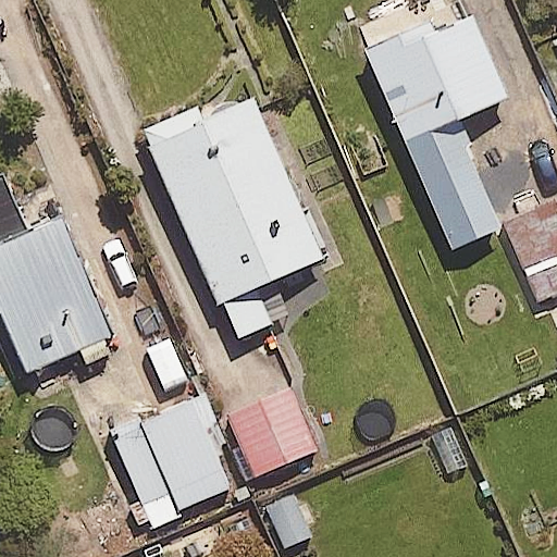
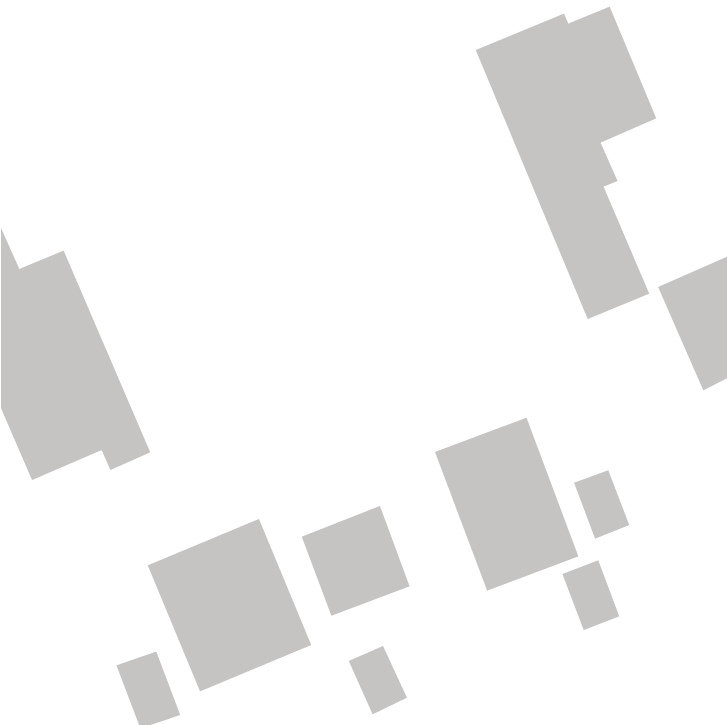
building: [143,92,320,336] -> none
building: none -> [434,417,579,591]

